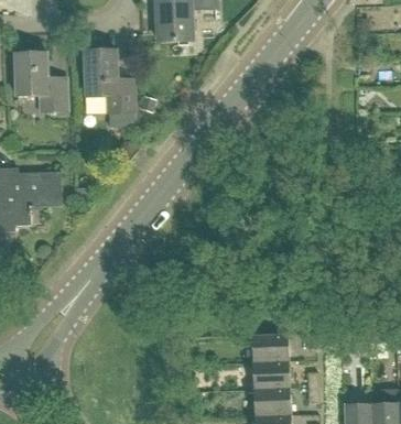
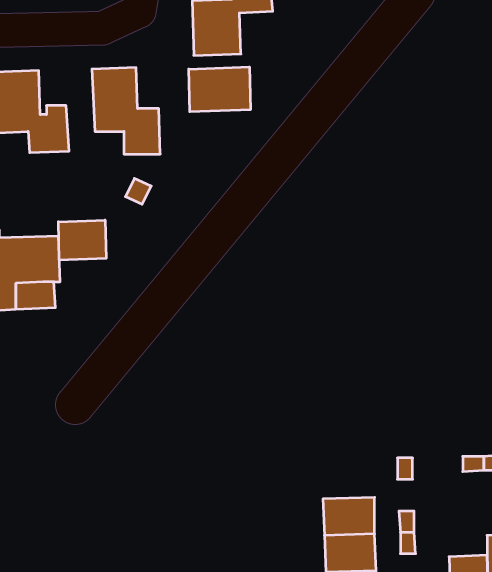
building: none -> [189,67,250,112]
building: none -> [58,220,106,260]
building: [252,334,290,362] -> none

